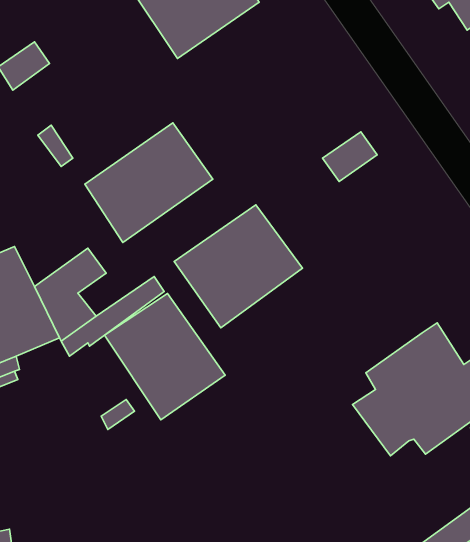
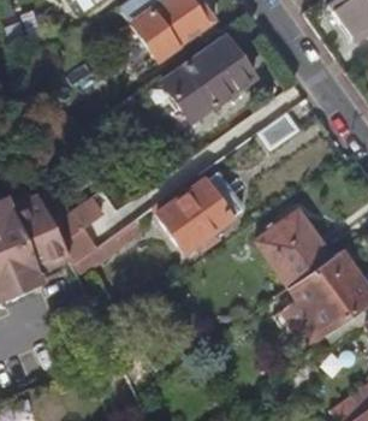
building: [85,123,213,243] -> [162,36,255,123]
building: none -> [257,209,332,286]
building: [104,294,225,420] -> none

